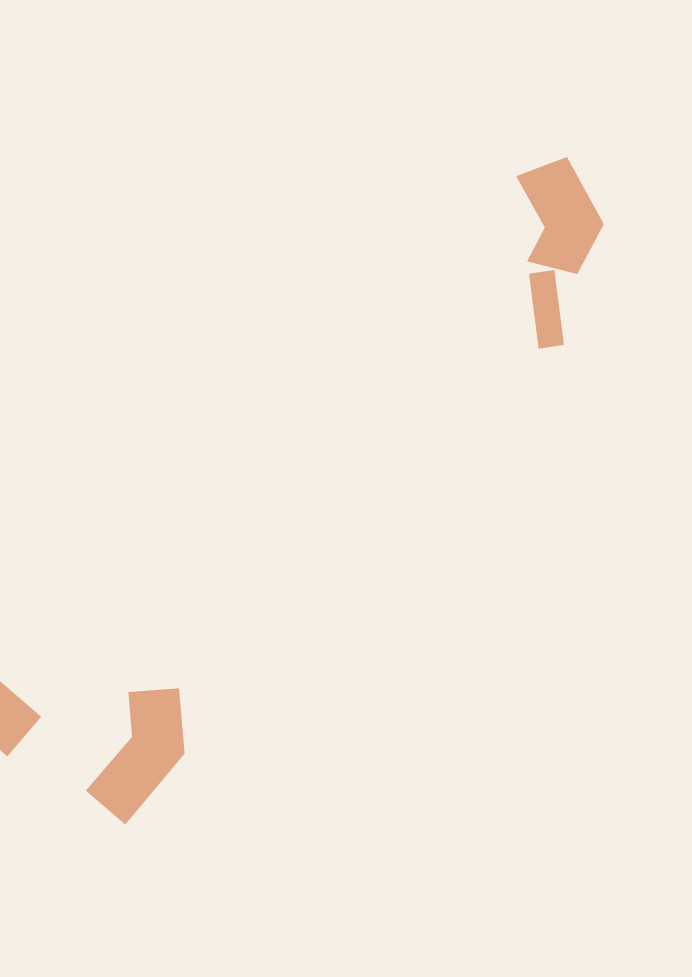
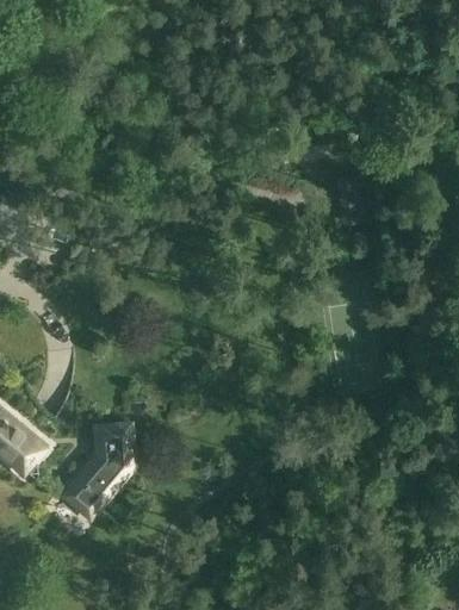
building: [515,156,604,275] -> none

